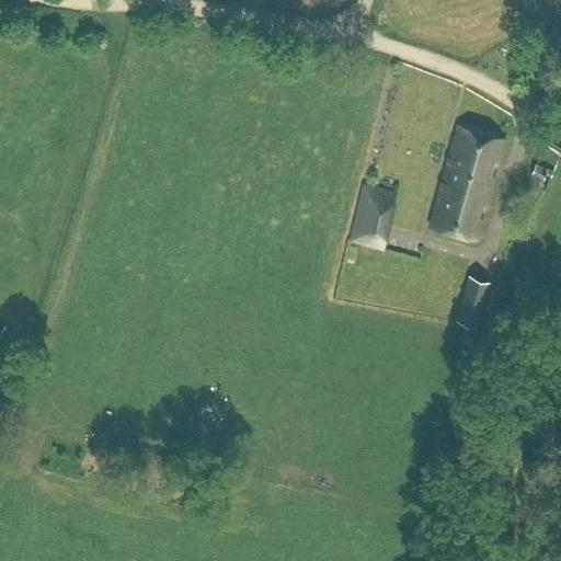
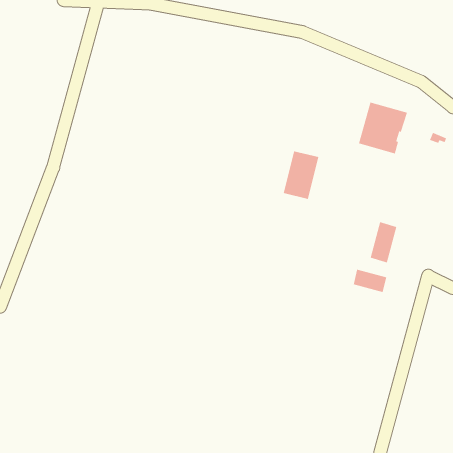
building: [428,178,489,239] -> none
building: none -> [353,269,387,293]

